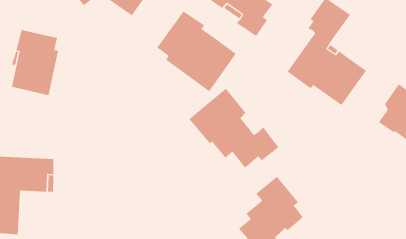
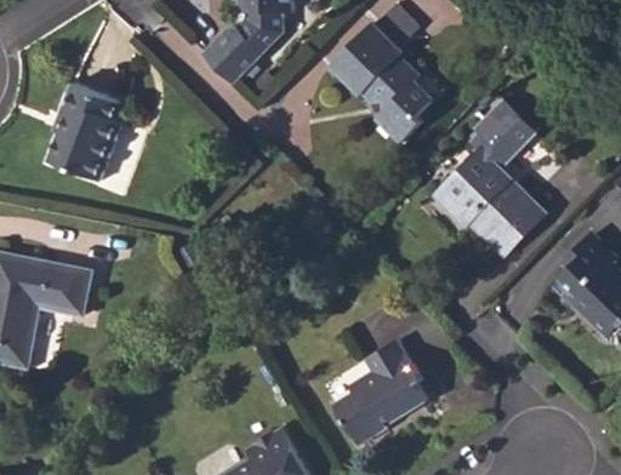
building: [157,10,236,92] -> none
building: [188,88,279,168] -> none

